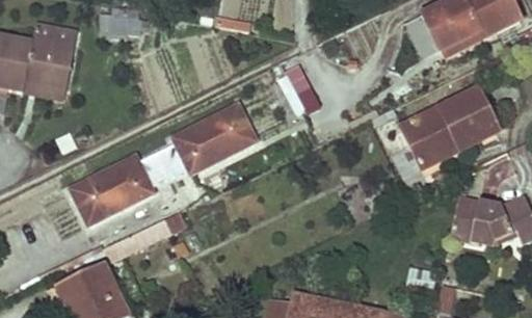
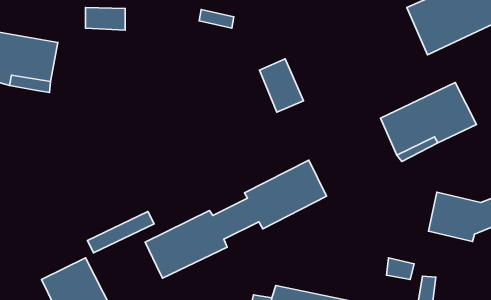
building: [71,103,255,222] -> [145,160,326,278]

